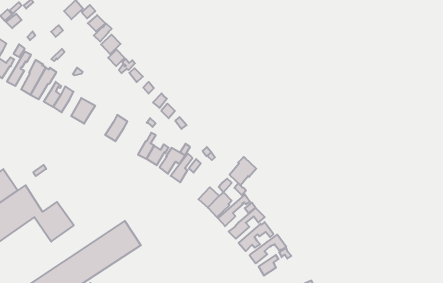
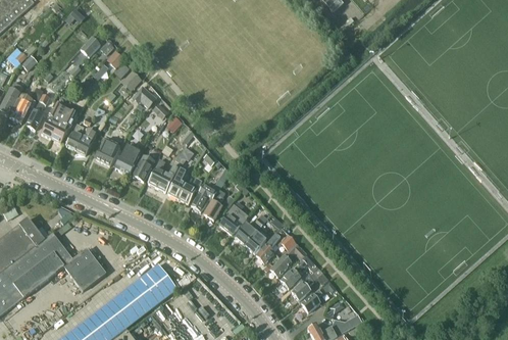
building: none -> [114,145,139,174]
building: none -> [147,158,176,192]
building: [230,157,256,185] -> [219,204,247,234]

